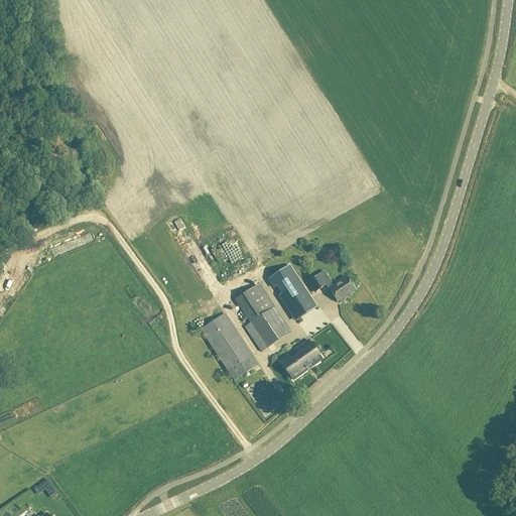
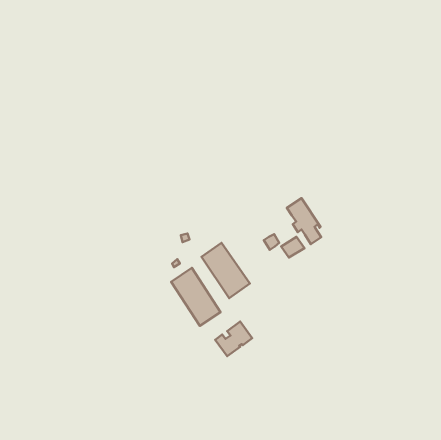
building: [271,264,311,317] -> [287,198,321,244]
building: [278,339,321,379] -> [215,322,252,356]

